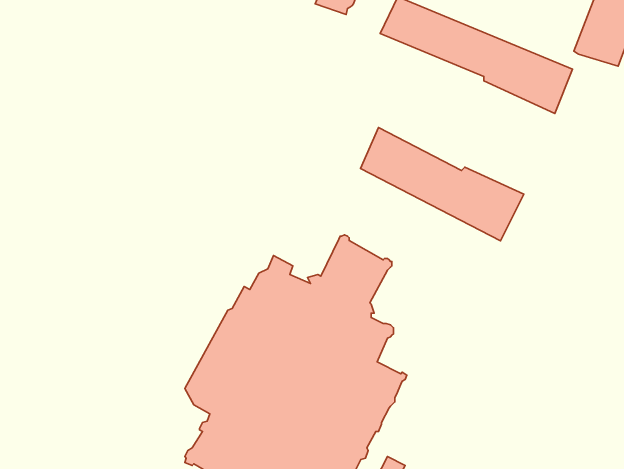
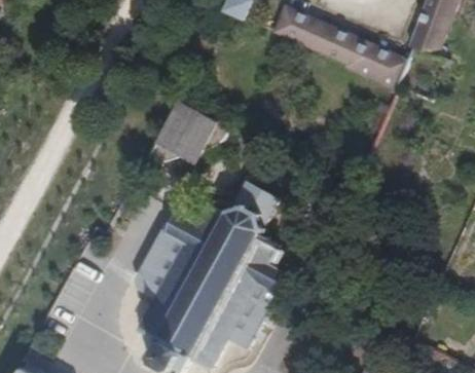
building: none -> [145,98,233,169]
building: [360,127,524,241] -> none

